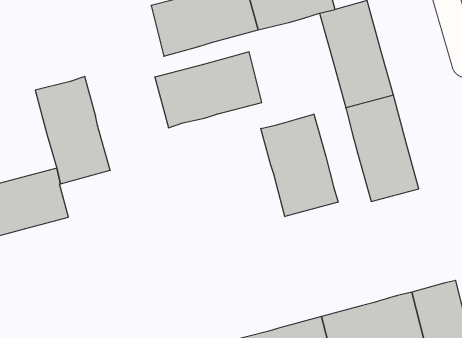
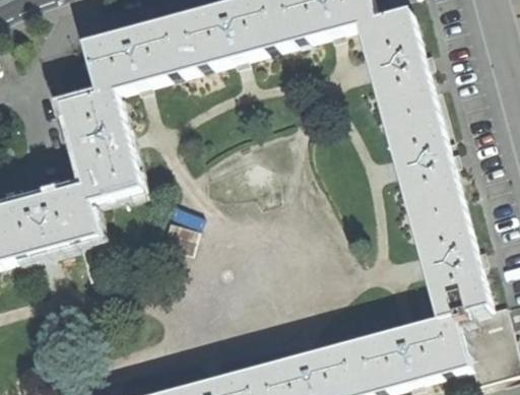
building: [155,52,262,128] -> [82,13,194,92]
building: [261,114,338,217] -> none
building: none -> [410,204,486,316]

